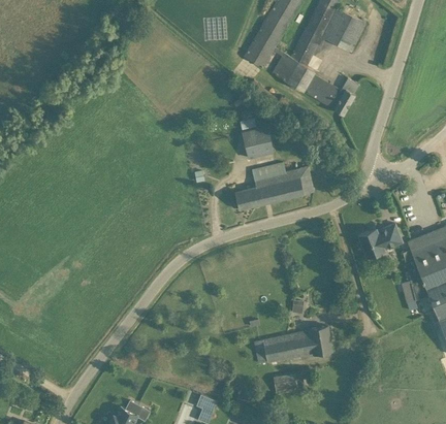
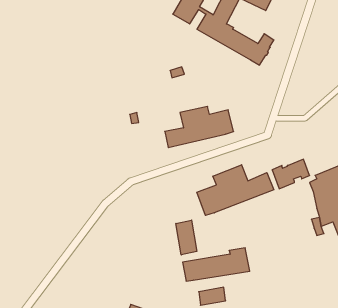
building: [241,126,274,159] -> none
building: none -> [197,165,274,215]
building: none -> [176,220,197,255]

